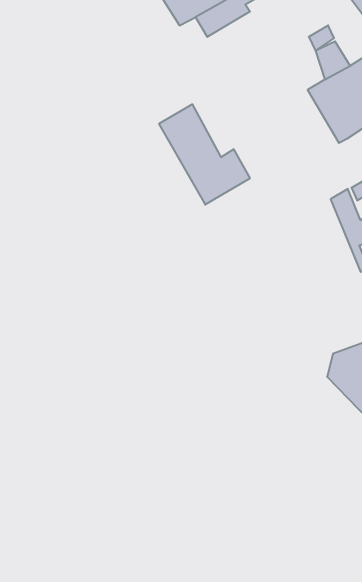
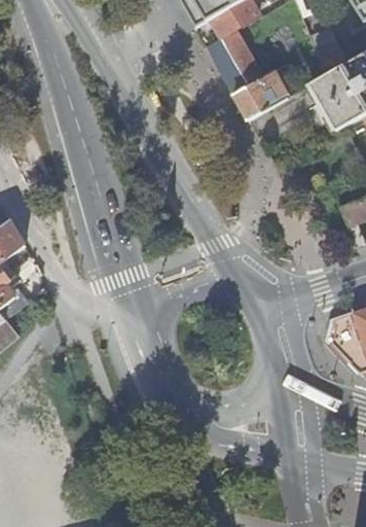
building: [159,104,250,205] -> [207,30,288,119]

